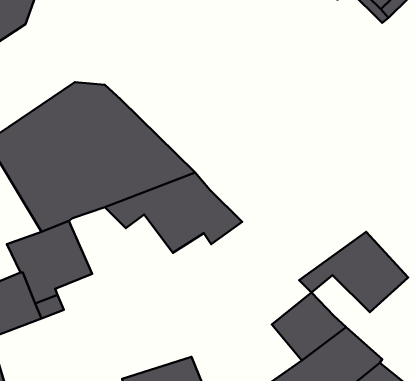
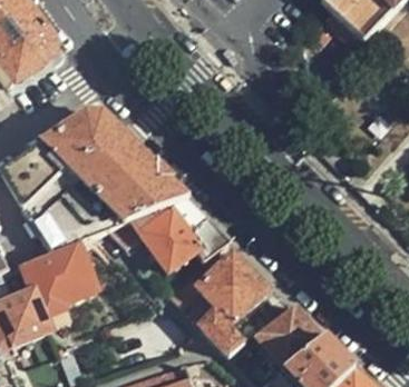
building: [299,232,408,312] -> [172,246,270,318]
building: none -> [203,309,256,351]

